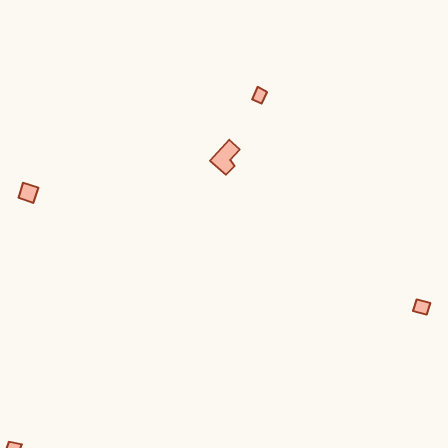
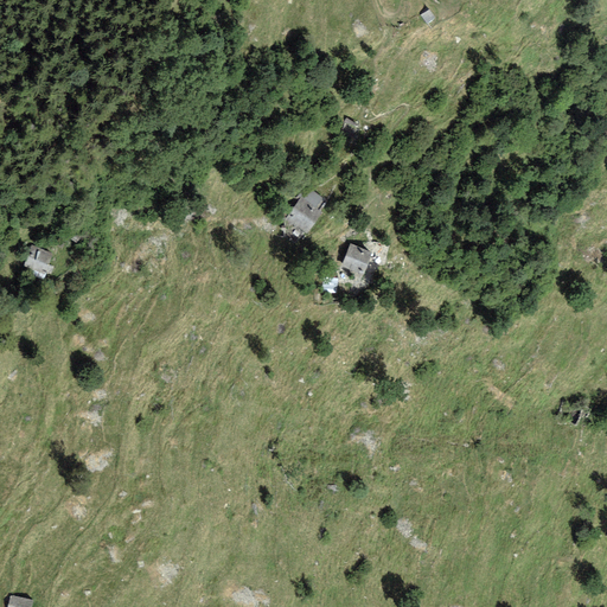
building: none -> [343,242,375,271]

